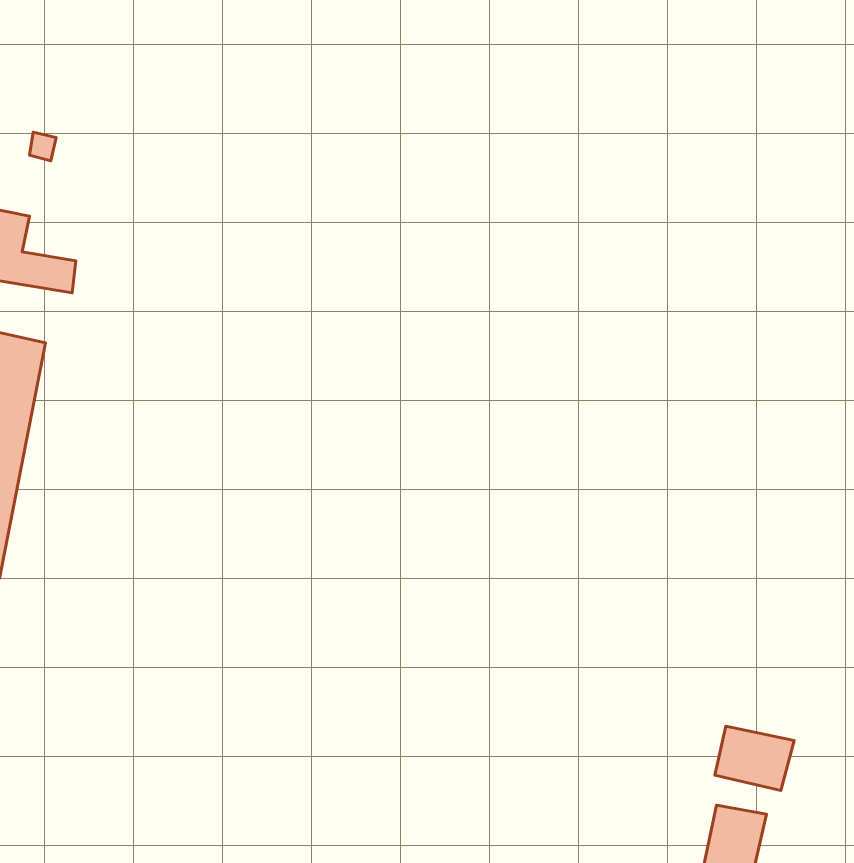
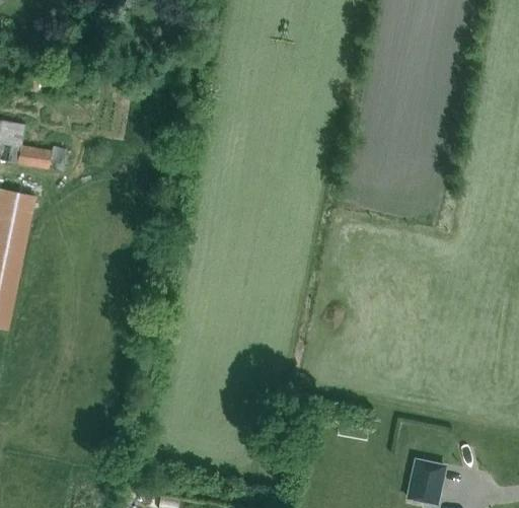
building: [715,726,794,791] -> none

